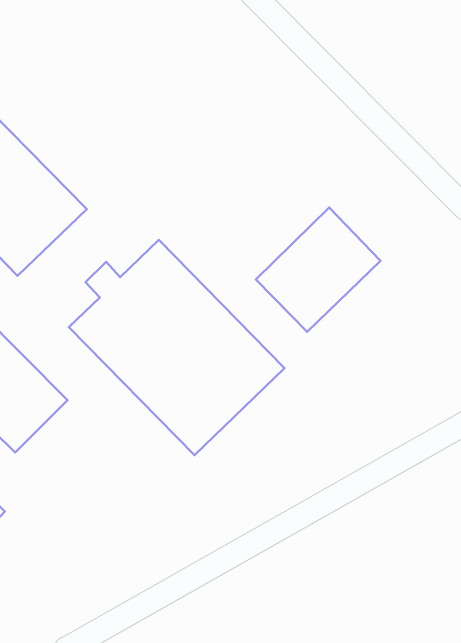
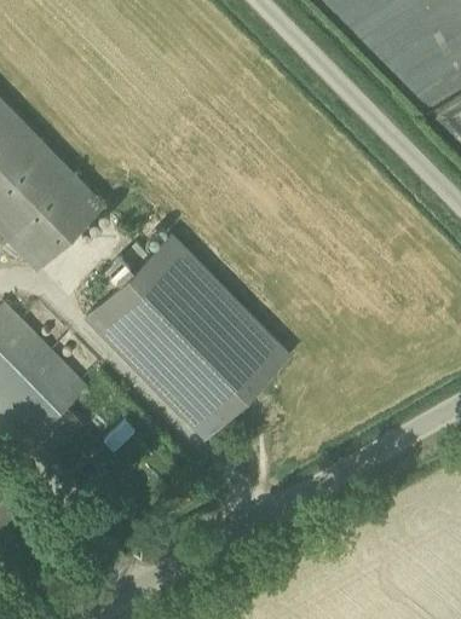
building: [256,208,381,332] -> none

